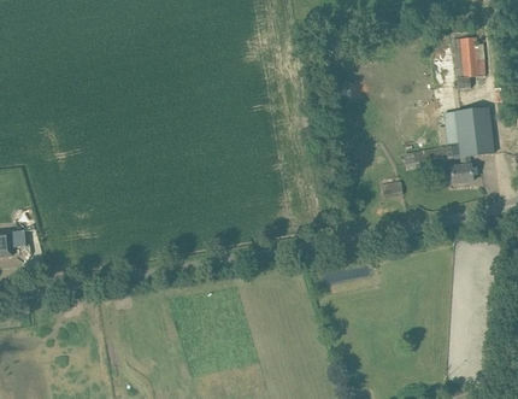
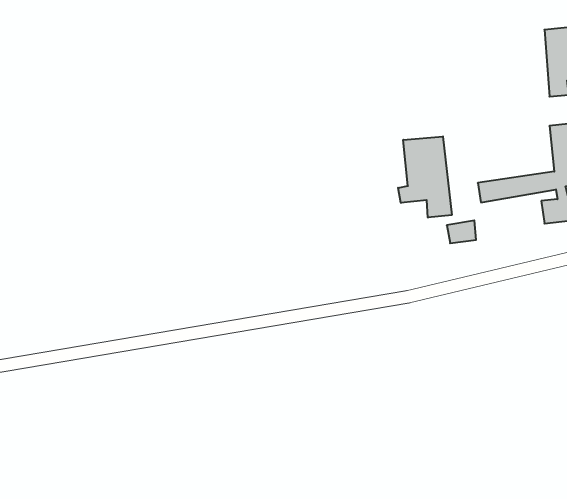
building: none -> [398,136,452,218]

